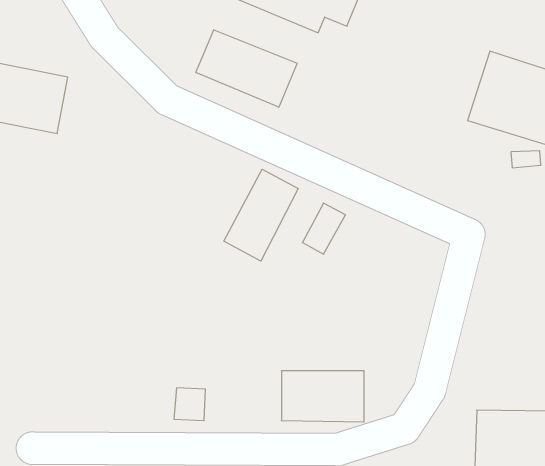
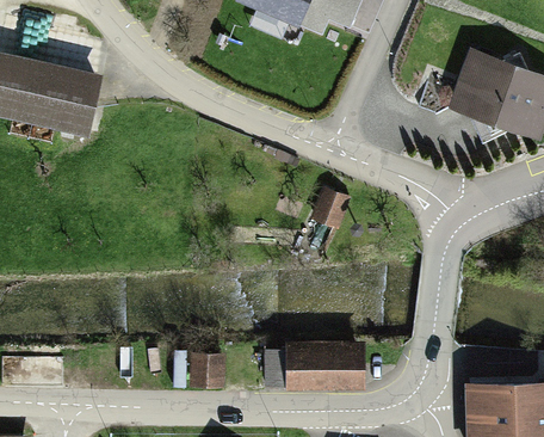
building: [196,30,297,107] -> none
building: [224,169,298,261] -> none

